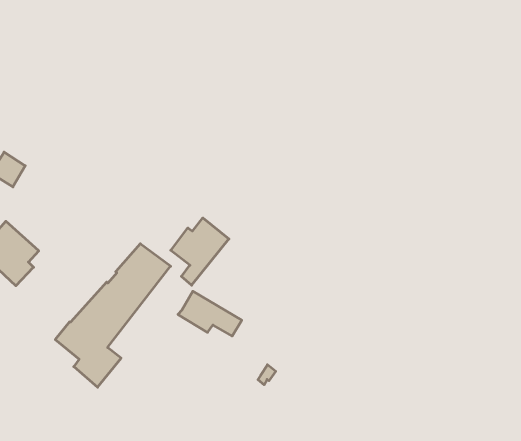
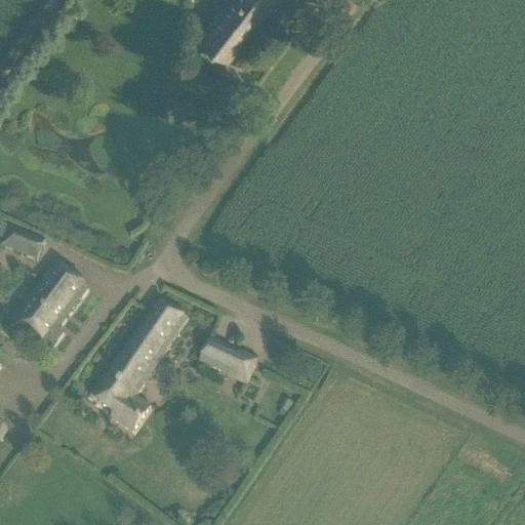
building: none -> [35,261,89,315]
building: [171,218,229,285] -> none

